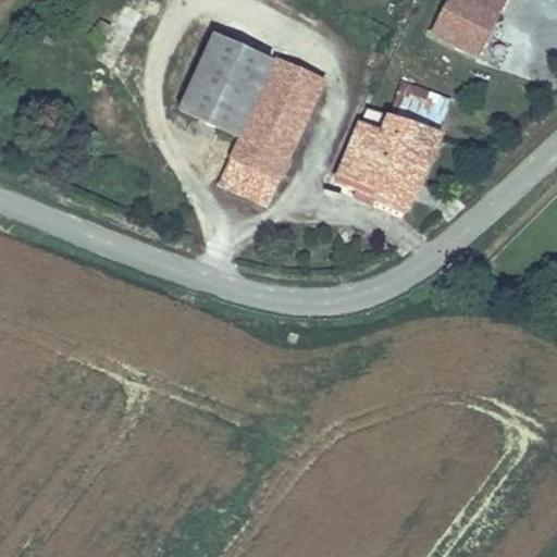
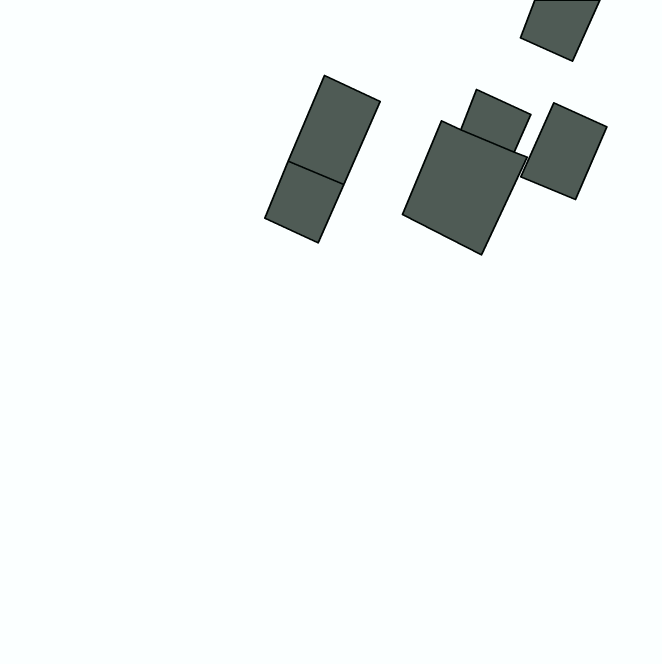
building: [178,35,273,135] -> none
building: none -> [521,103,607,199]

